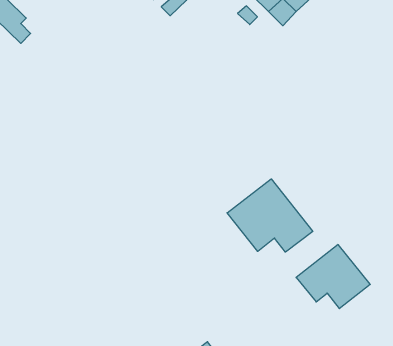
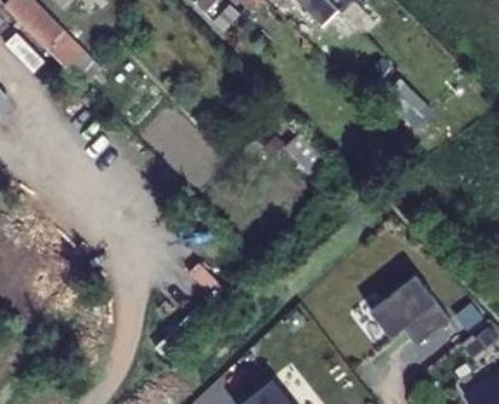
building: [227,179,313,252] -> none

